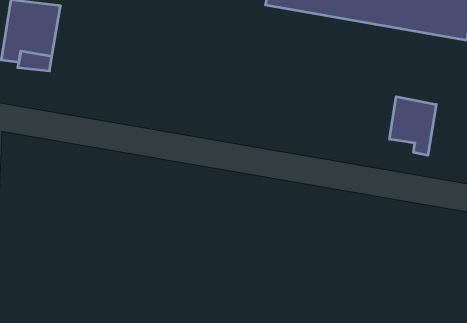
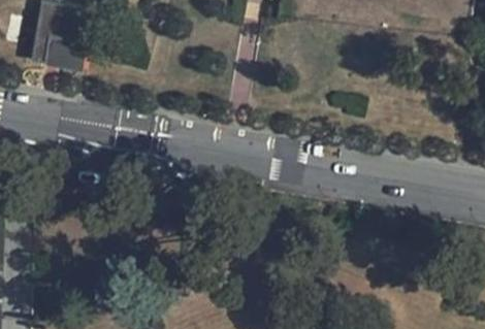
building: [390,97,436,155] -> none

